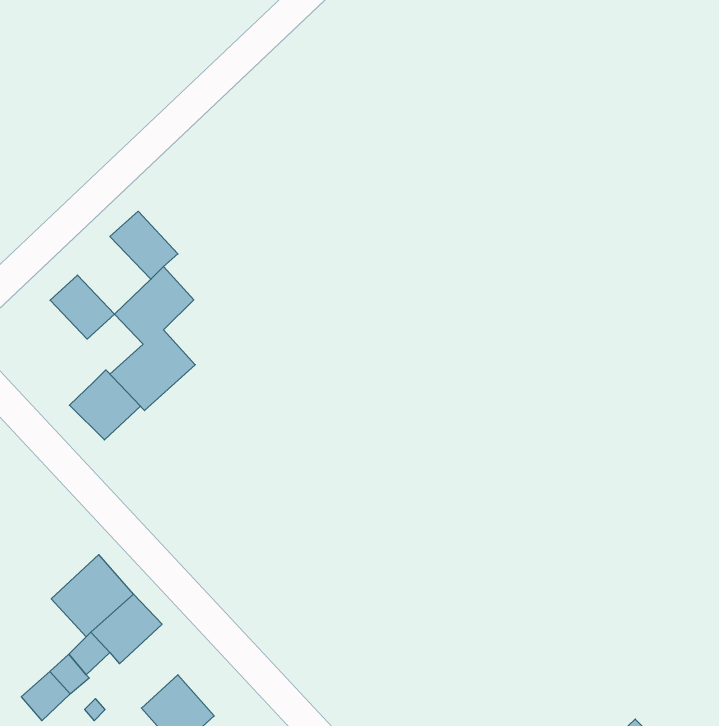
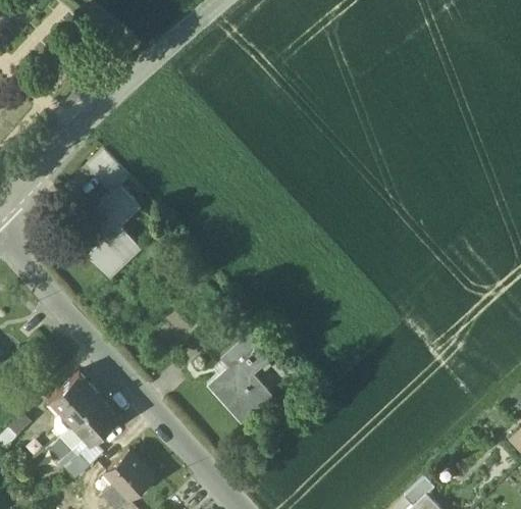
building: [50,275,115,339] -> none
building: [69,370,140,440] -> none
building: none -> [209,334,275,417]

